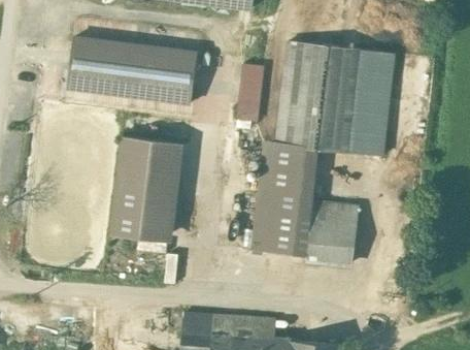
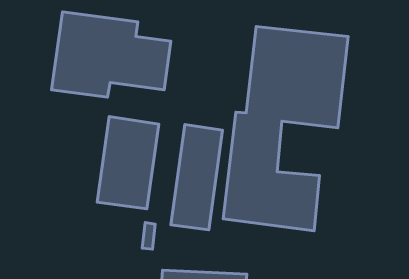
building: [232,67,263,126] -> none
building: none -> [171,124,223,230]

